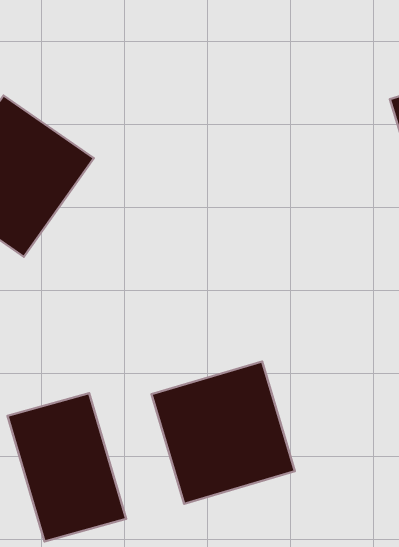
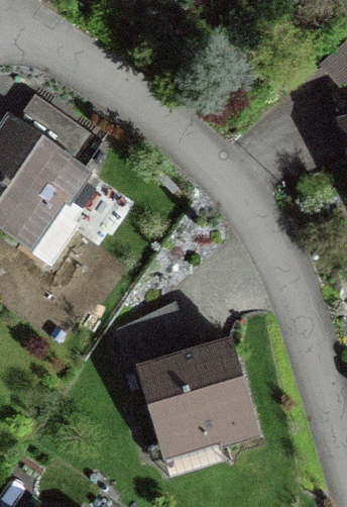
building: [8,393,126,542] -> none

